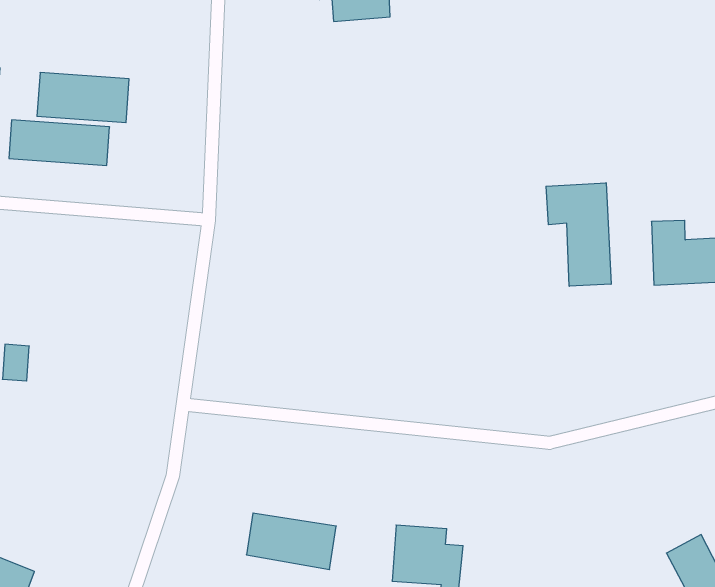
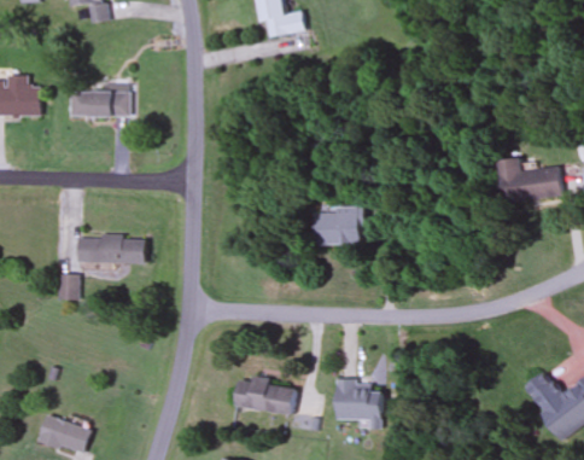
building: [9,120,110,165] -> [77,235,145,262]
building: [546,183,611,286] -> none
building: none -> [319,208,363,245]

